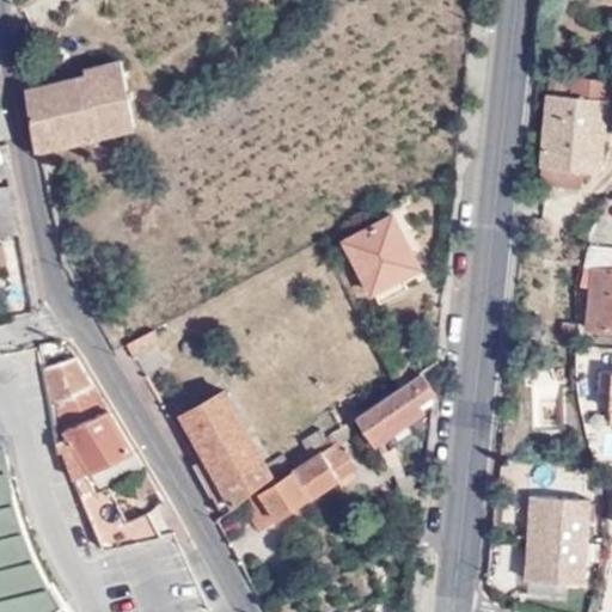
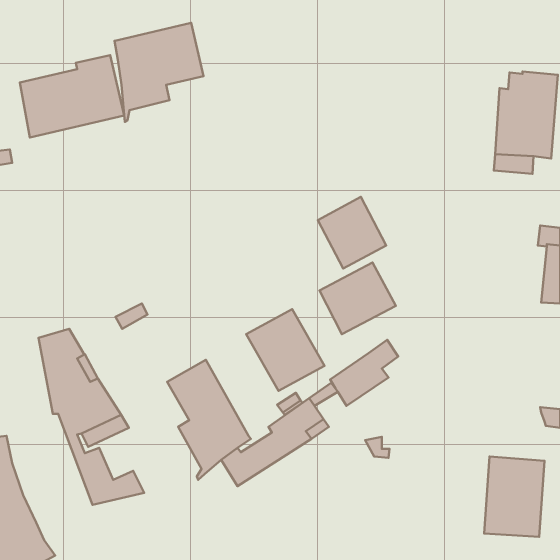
building: none -> [114,23,204,122]
building: none -> [320,263,396,334]
building: none -> [246,309,324,391]

